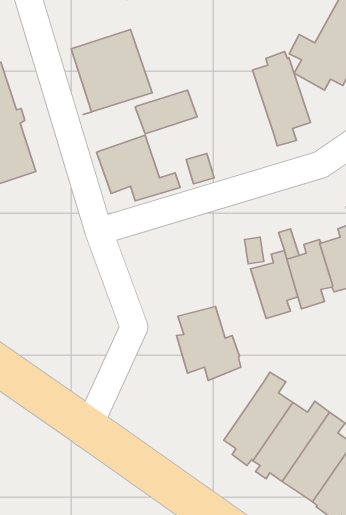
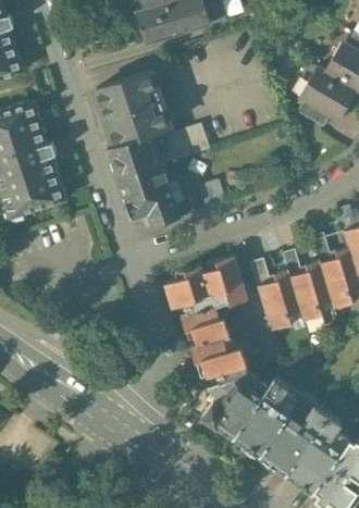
building: [253,52,311,146] -> none
building: none -> [107,132,162,179]
building: none -> [164,253,248,329]
building: none -> [202,372,269,438]

